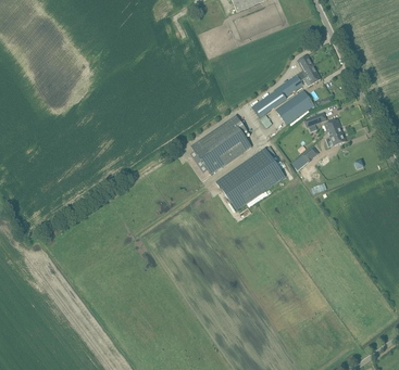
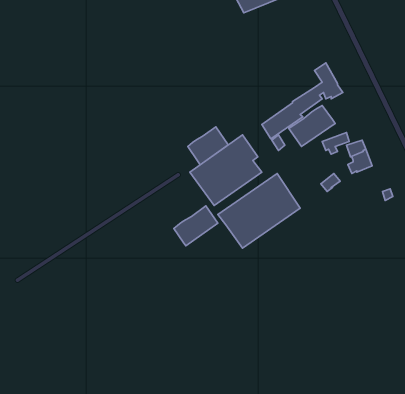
building: none -> [188,127,228,165]
building: none -> [174,206,218,246]

